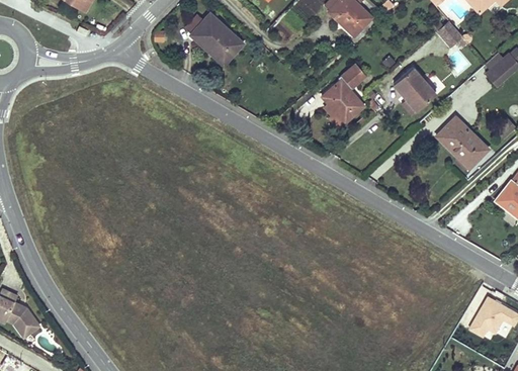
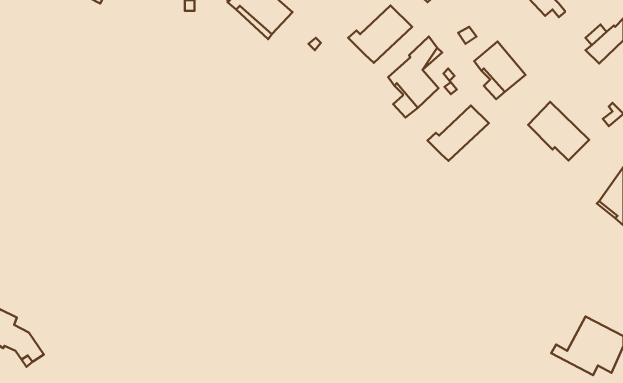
building: none -> [348,5,412,63]
building: none -> [427,106,489,161]

